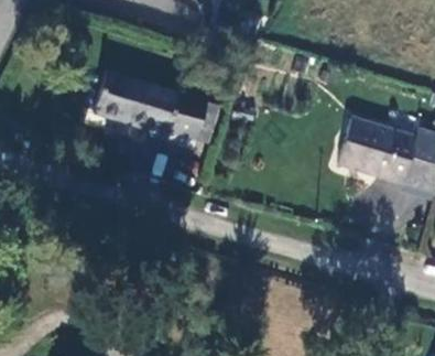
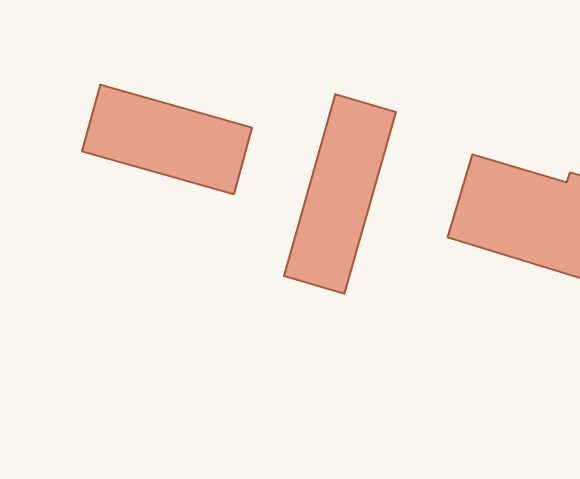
building: none -> [284,94,396,294]

